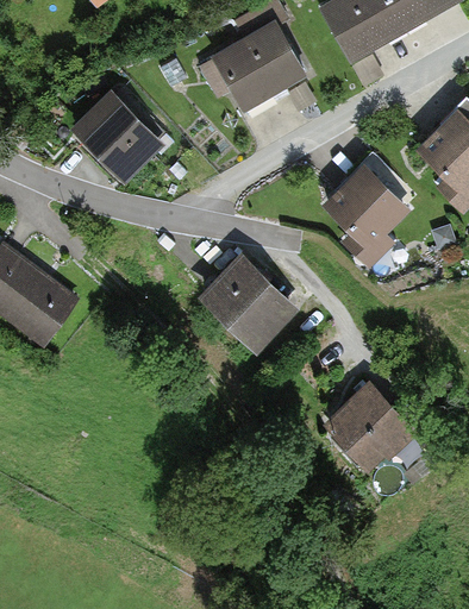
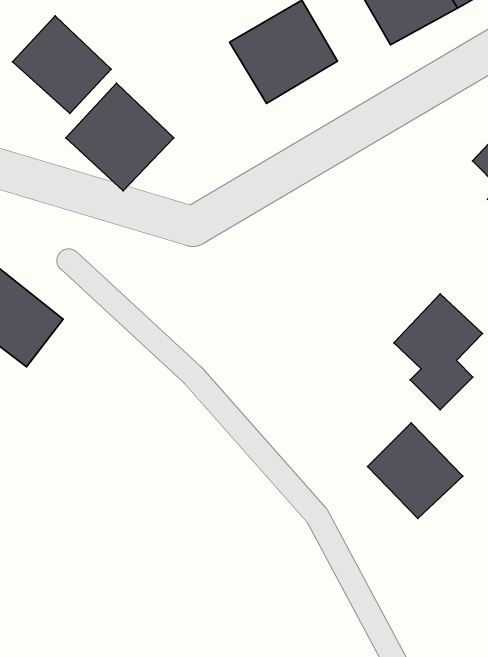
building: none -> [13,16,111,113]
building: [329,170,406,271] -> [394,294,482,410]
building: [195,255,293,352] -> none

